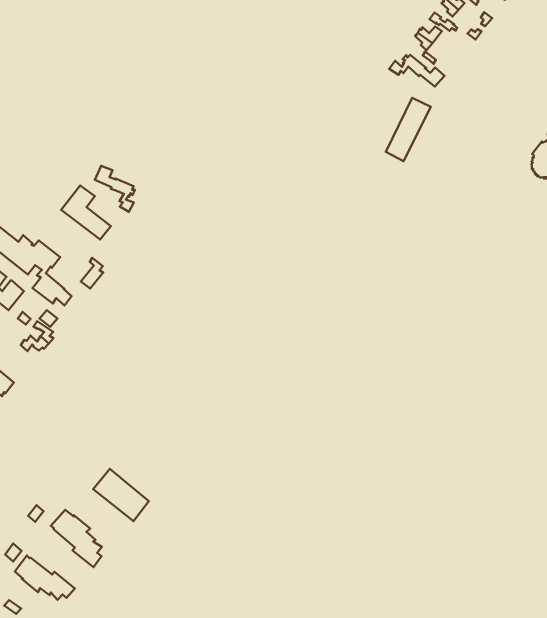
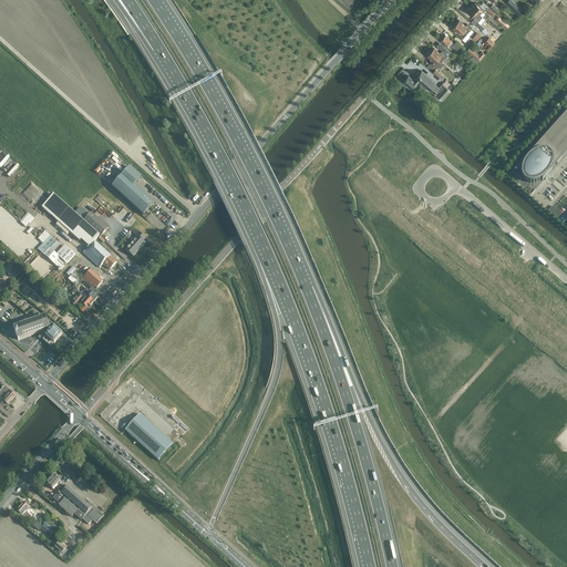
building: [386,98,431,161] -> none
building: [95,166,135,212] -> none
building: [51,510,102,567] -> none

